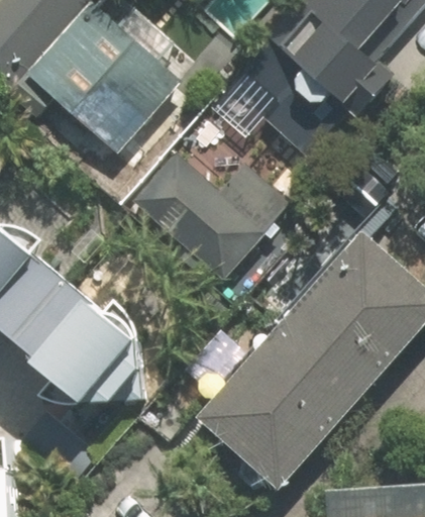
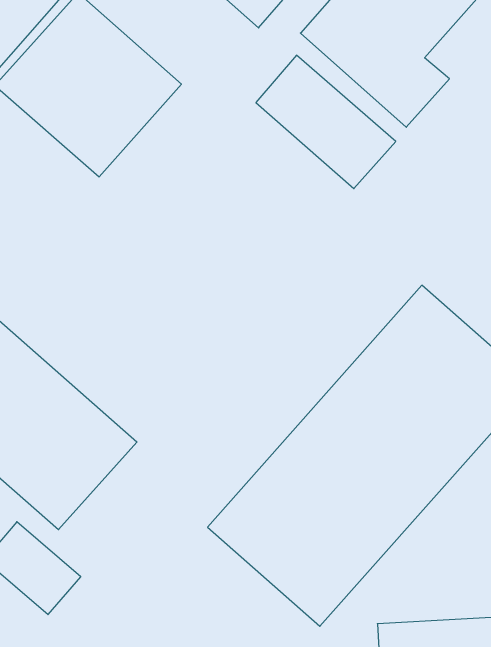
building: [135,153,294,280] -> none

